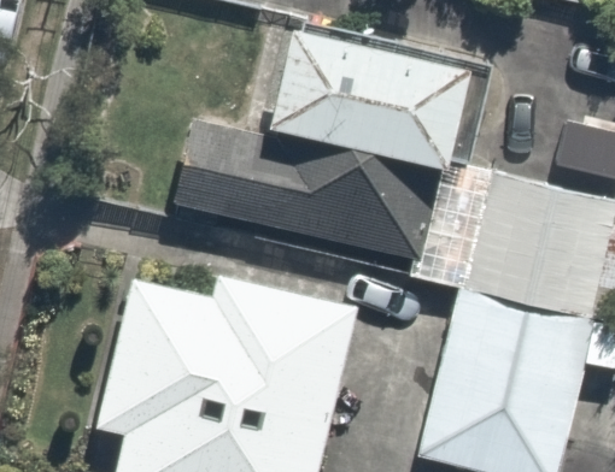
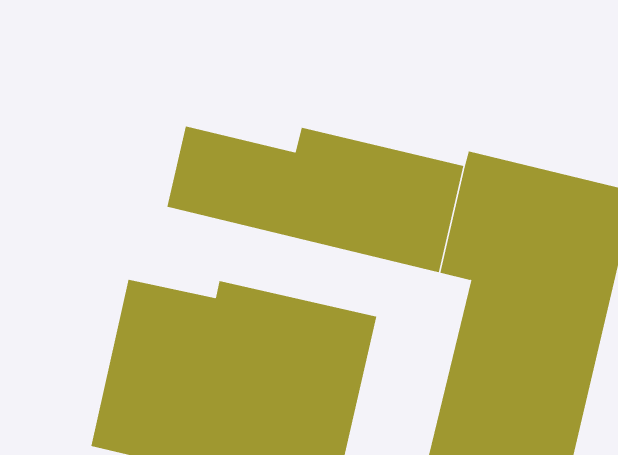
building: [280,22,480,166] -> none

